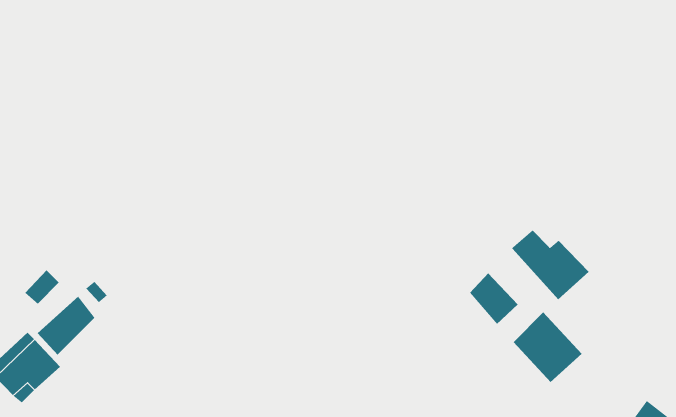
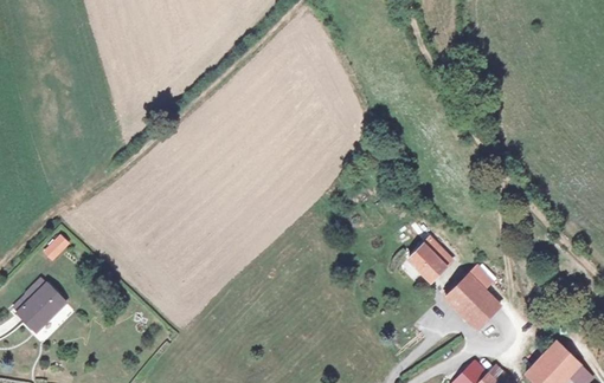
building: [510,229,589,300] -> none
building: [37,296,95,355] -> none

